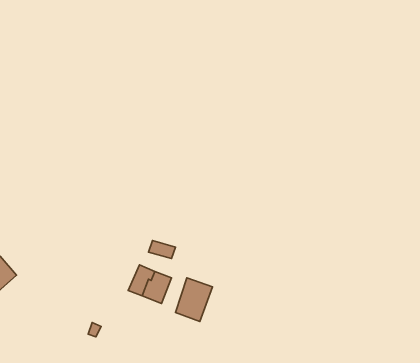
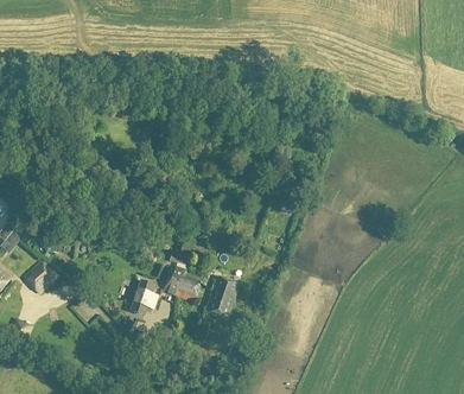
building: none -> [129,281,159,317]

